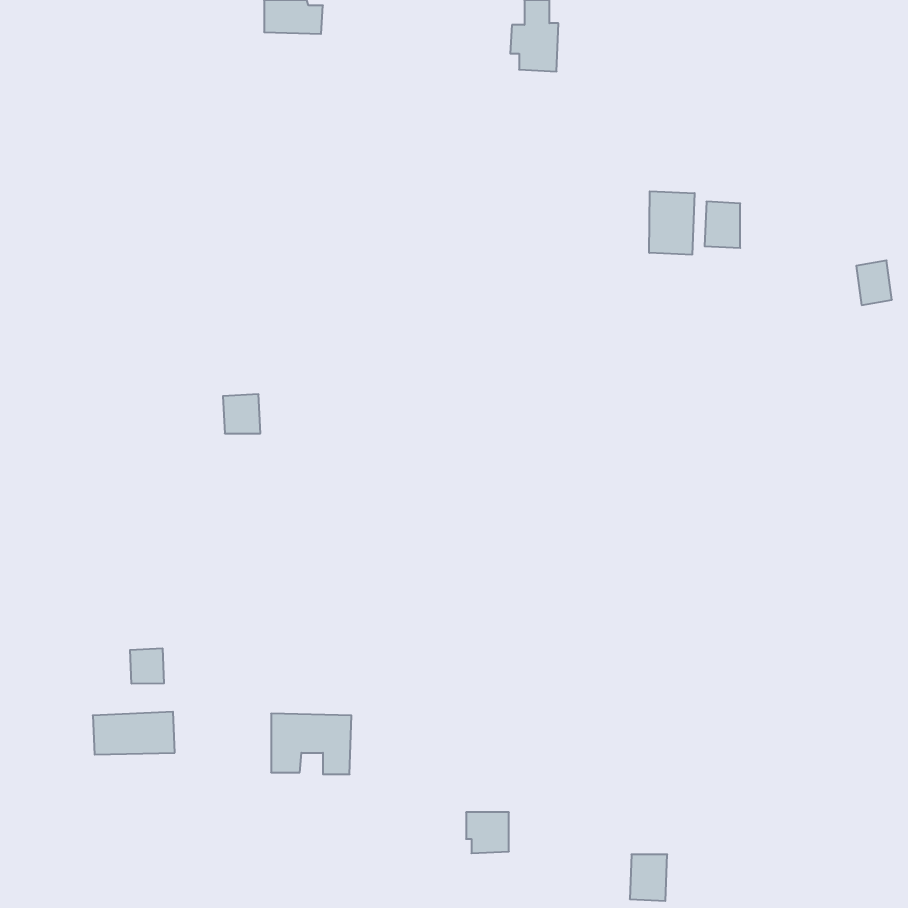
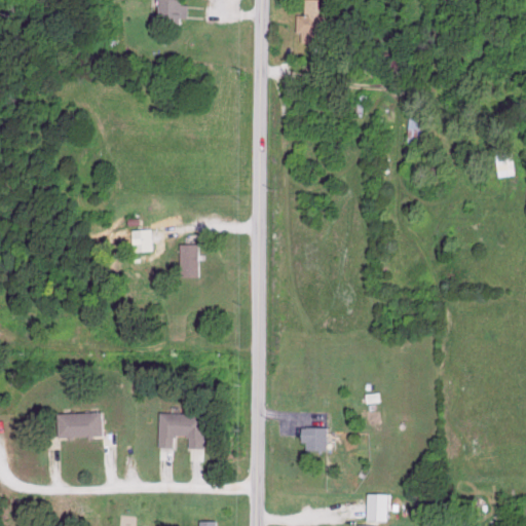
building: [649,191,695,255] -> none
building: none -> [181,243,199,276]
building: [130,648,164,684] -> none
building: [466,812,509,853] -> [302,427,327,451]

